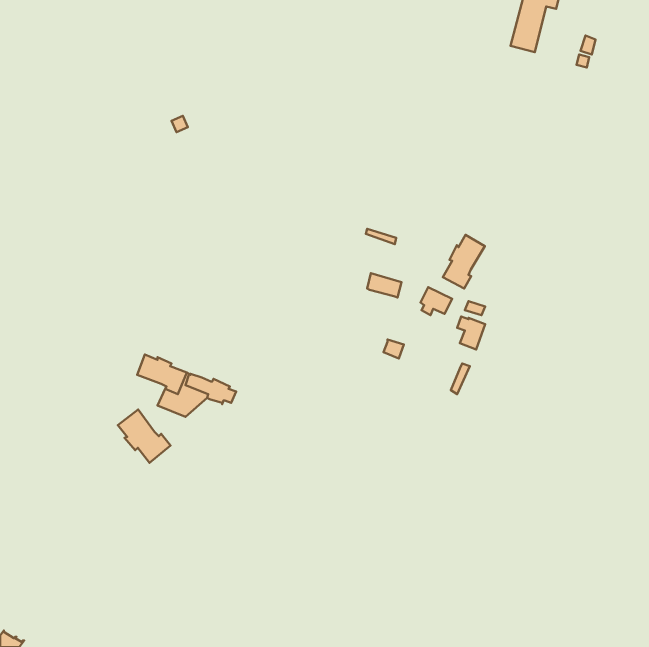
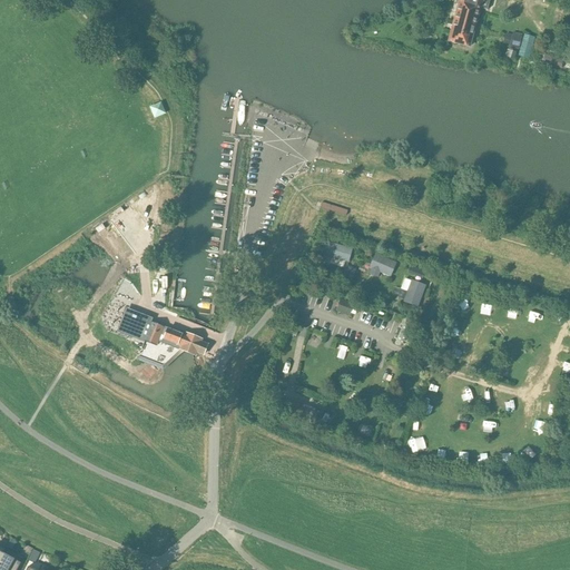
building: [443,235,485,289] -> none
building: [118,410,171,463] -> none

